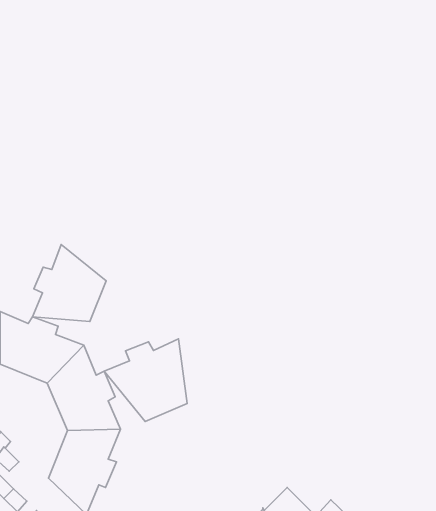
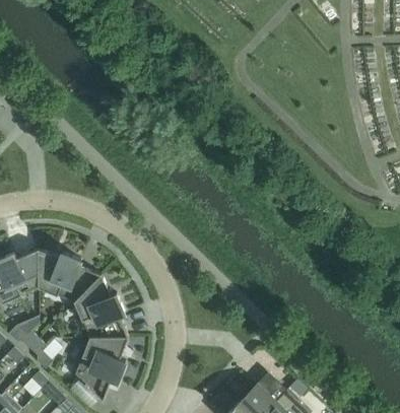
building: [32,244,106,321] -> none
building: [104,339,187,421] -> none

